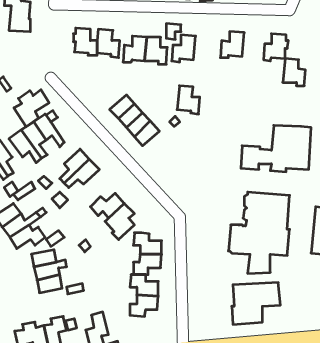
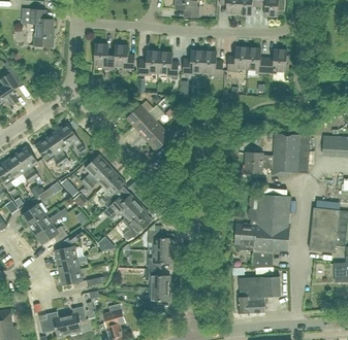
building: [283,59,305,86] -> [247,47,267,72]
building: [177,86,200,114] -> [202,50,223,76]
building: [14,90,49,127] -> none
building: none -> [99,172,126,207]

